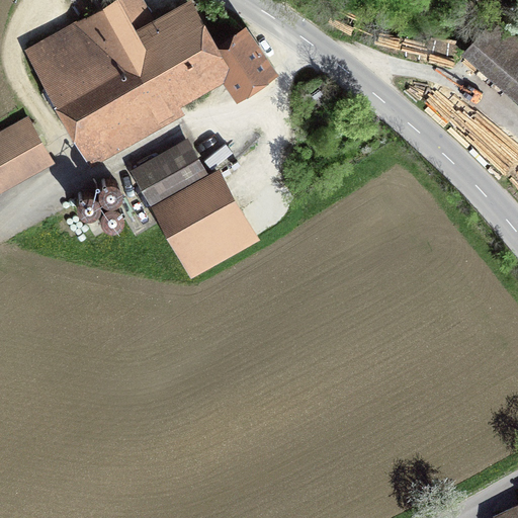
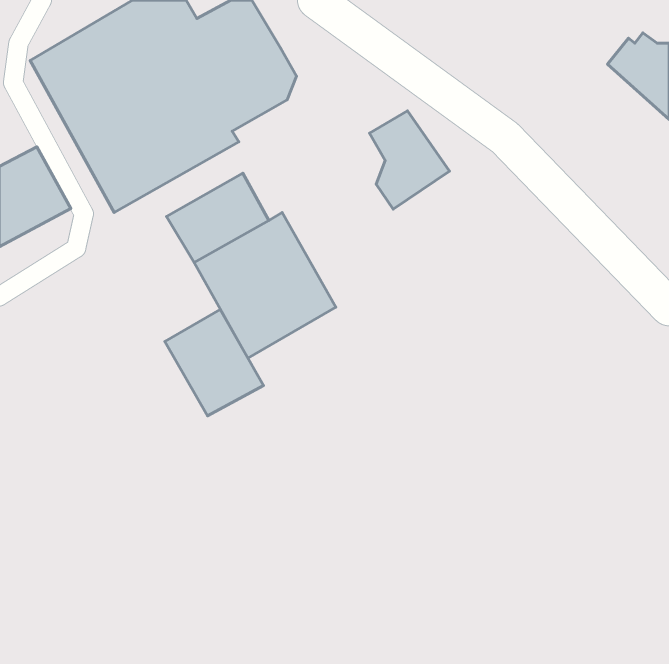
building: [217,25,278,101] -> [370,111,450,209]
building: none -> [165,309,263,416]

